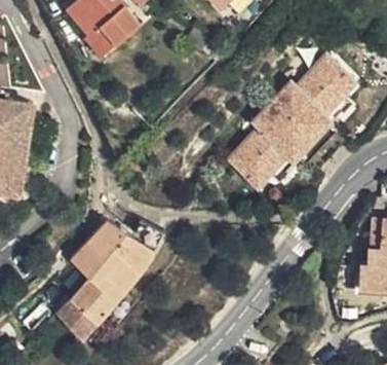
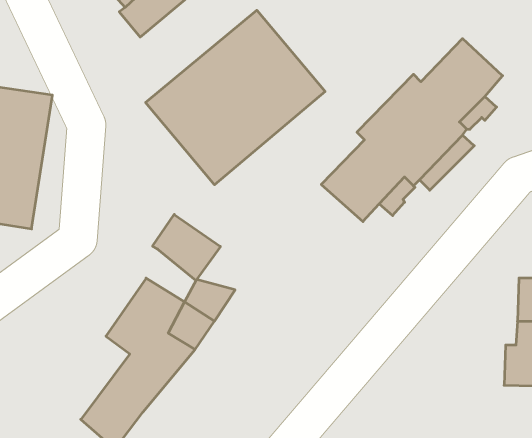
building: none -> [146,10,325,185]
building: none -> [153,214,220,281]

